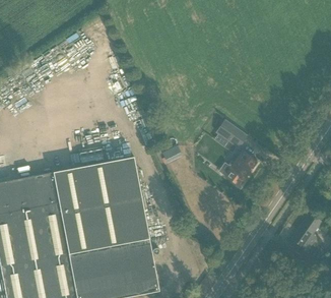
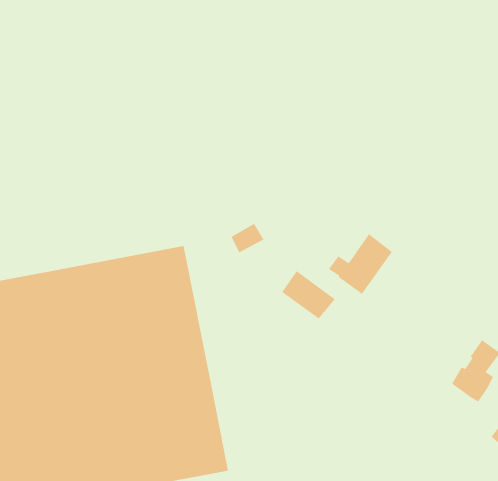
building: [215,118,248,147] -> [281,270,336,320]

